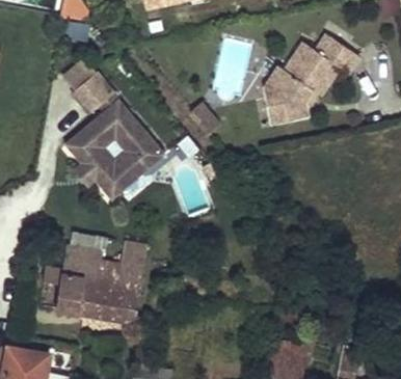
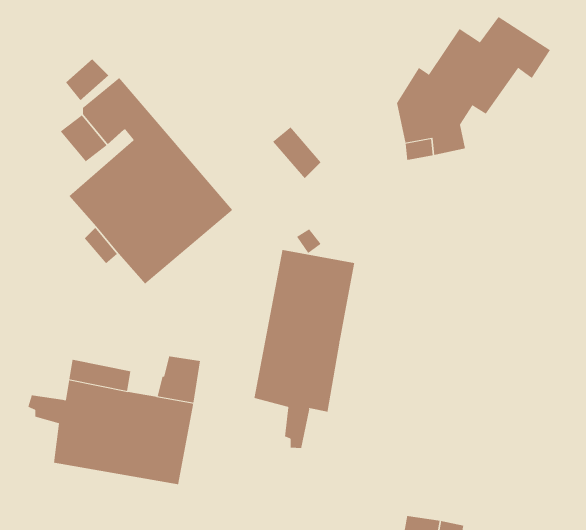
building: none -> [254,249,355,449]

